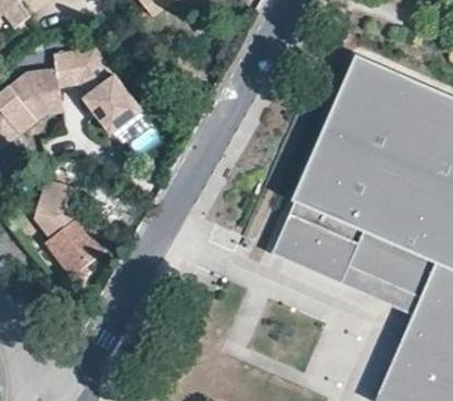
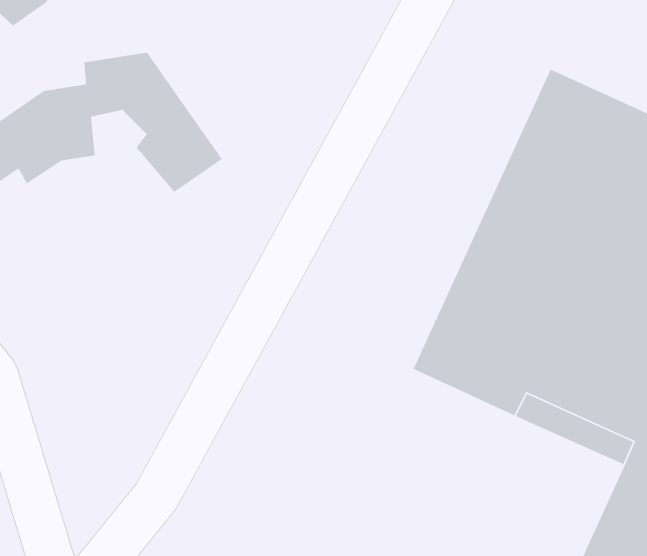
building: [37,179,108,275] -> none

